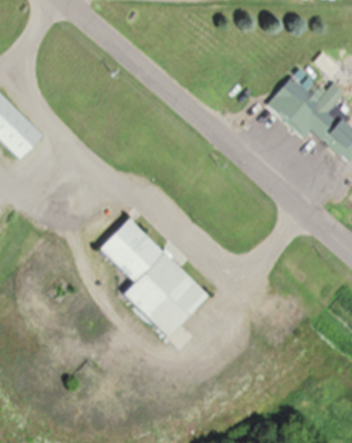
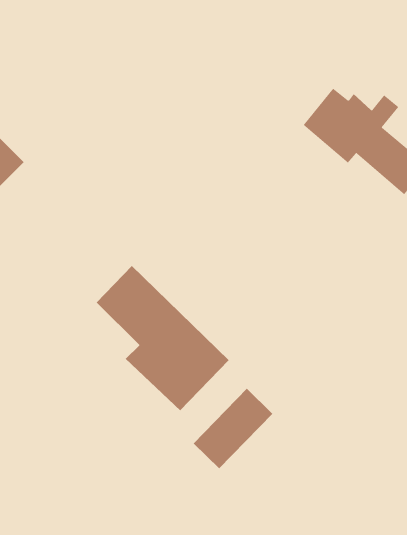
building: none -> [193,388,273,469]

